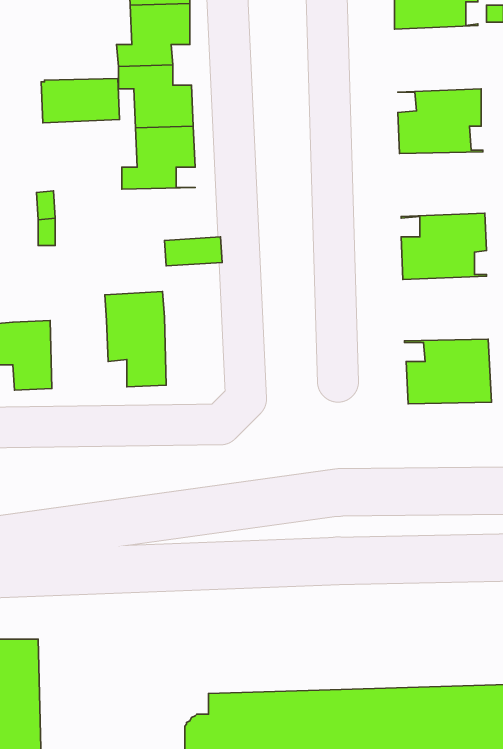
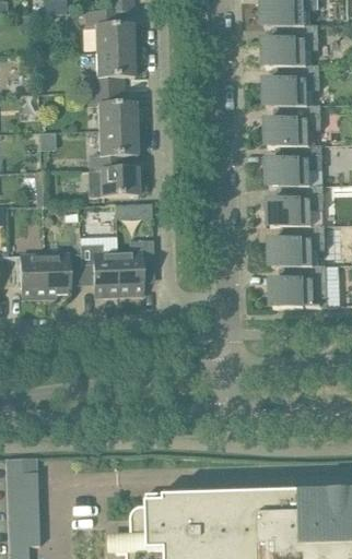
building: none -> [266,64,321,107]
building: [41,78,120,123] -> [89,168,139,197]
building: none -> [269,145,324,187]
building: none -> [271,225,326,266]
building: none -> [118,239,154,295]
building: none -> [45,252,82,297]

